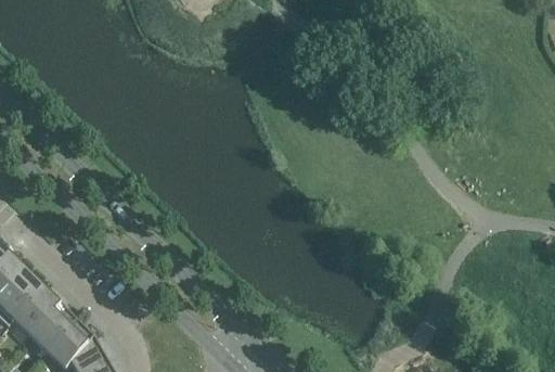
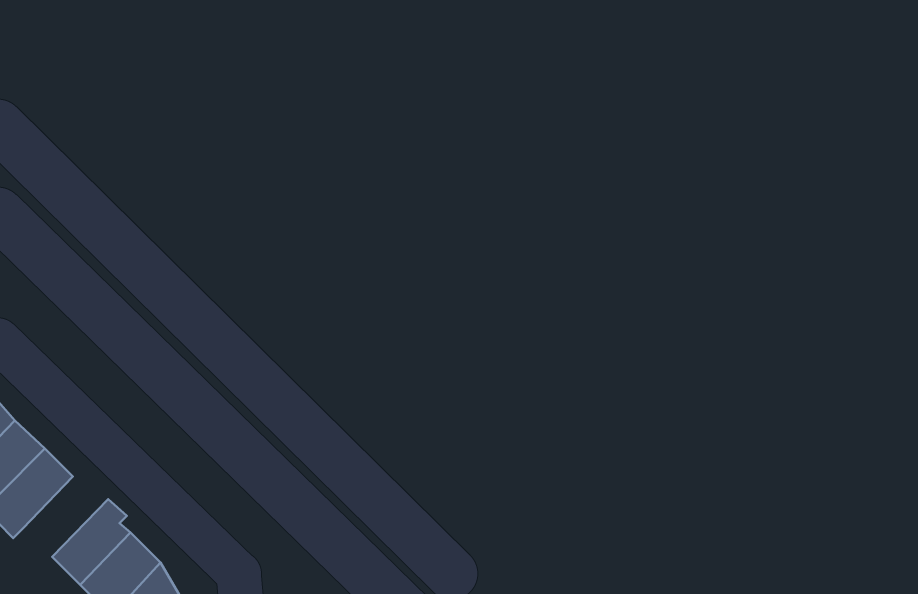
building: [13,290,63,336] -> none

